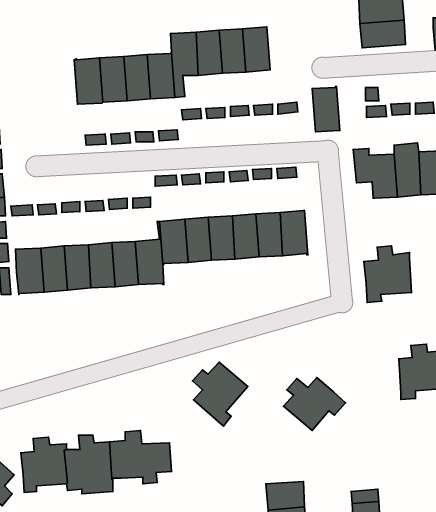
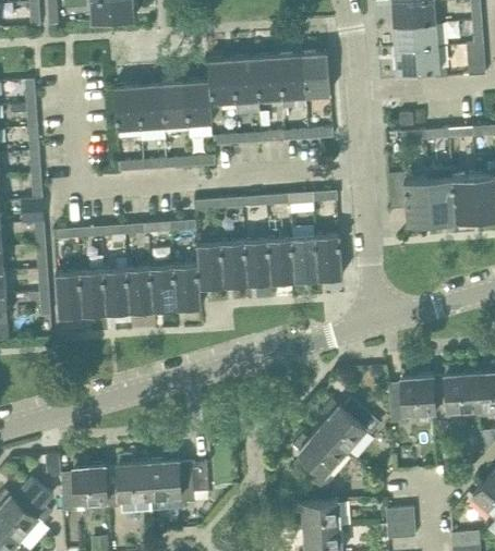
building: [312,86,340,132] -> [303,52,330,97]
building: [364,246,412,302] -> [388,369,435,425]
building: [192,362,248,426] -> [293,428,348,491]

